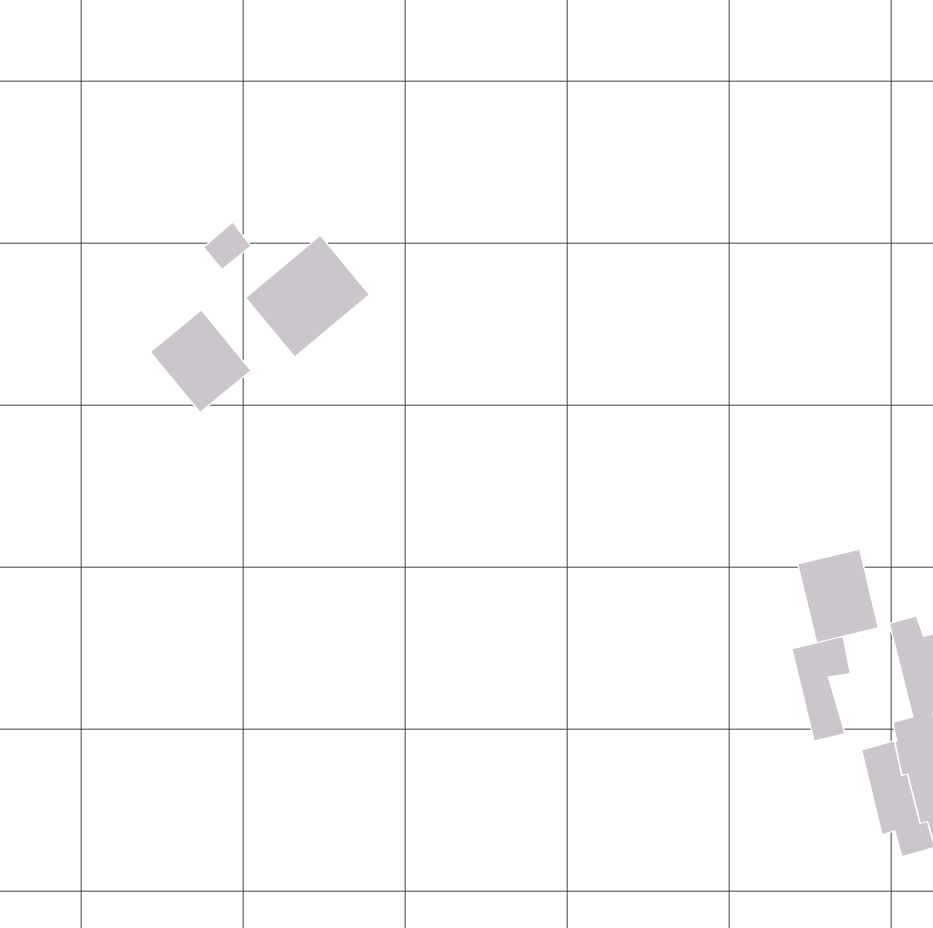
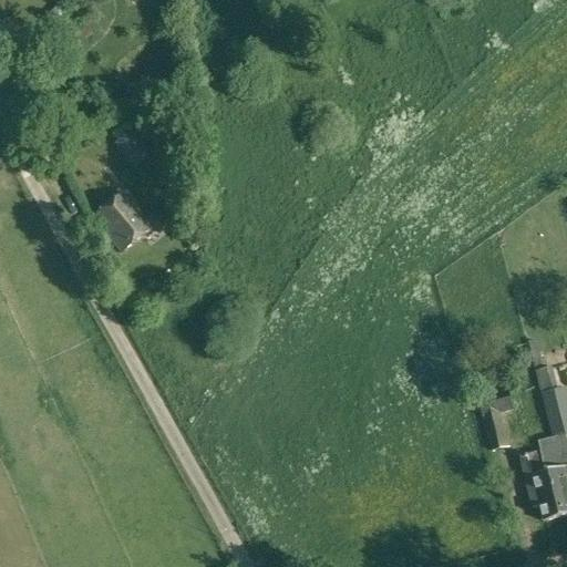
building: [245,235,370,357] -> none
building: [798,549,878,643] -> none

